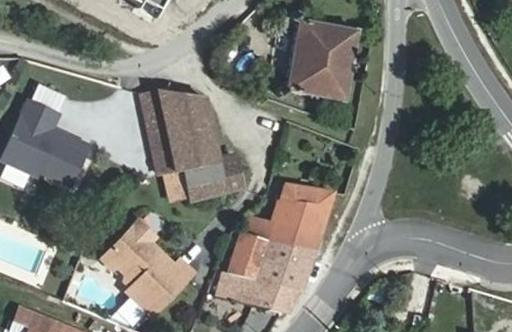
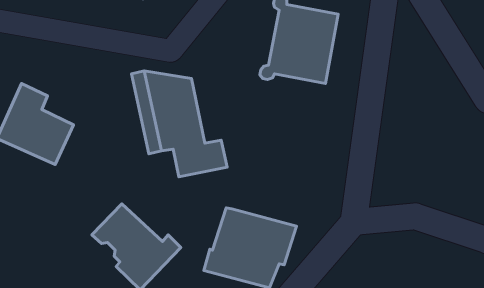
building: [248,184,334,249] -> none

